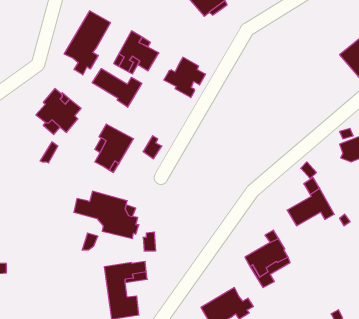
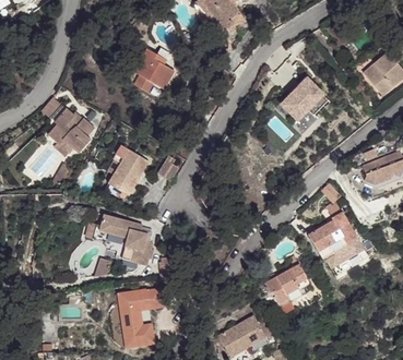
building: [64,11,110,75] -> none
building: [164,57,206,98] -> none
building: none -> [282,77,330,119]
building: [92,69,142,107] -> none
building: none -> [318,236,368,275]

